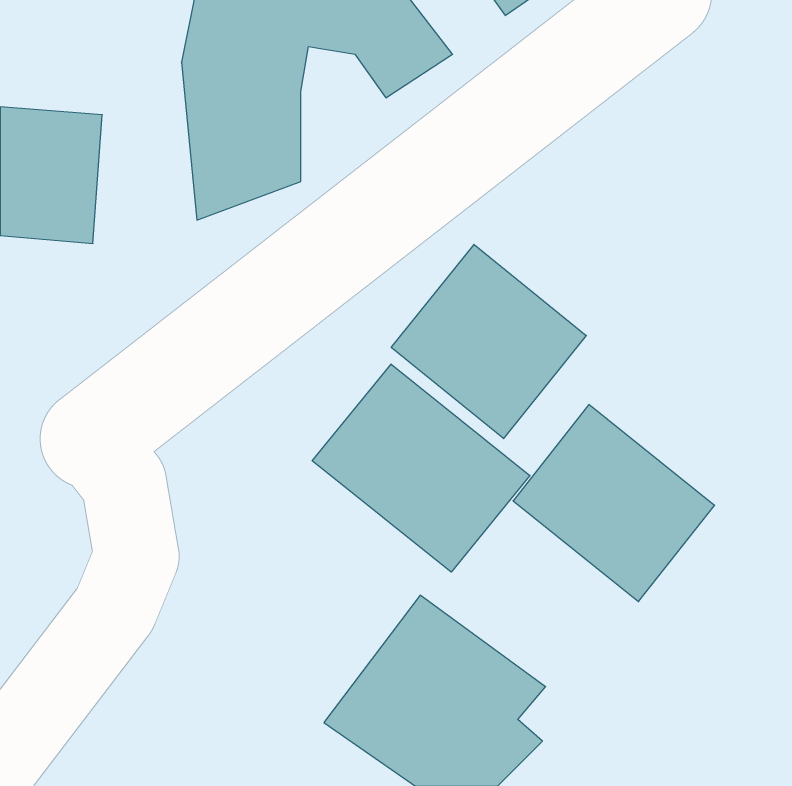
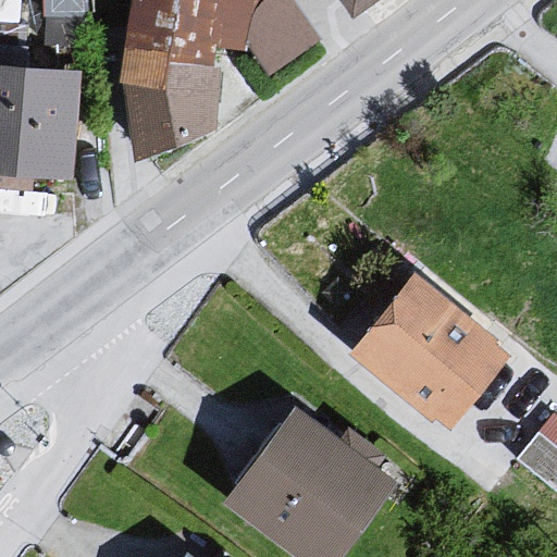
building: [391,244,586,439] -> none
building: [312,364,530,572] -> none

